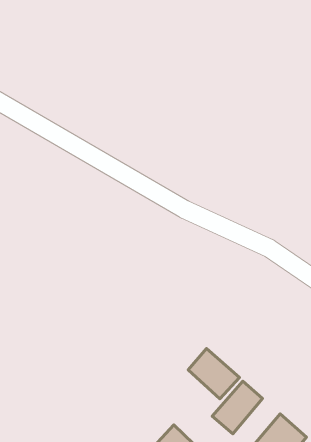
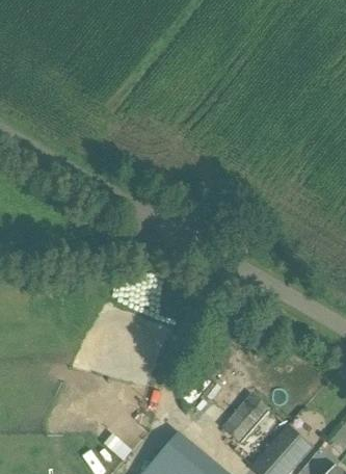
building: [188,349,239,399] -> none

